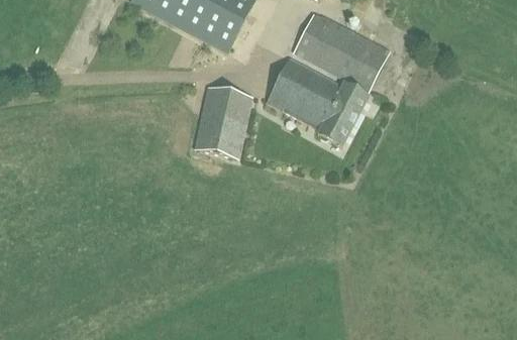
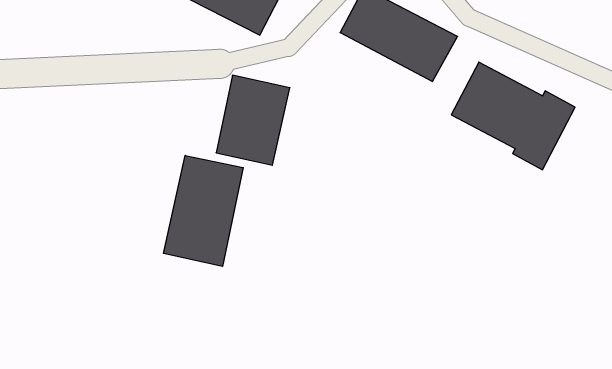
building: [268,59,368,145] -> [451,62,575,170]
building: none -> [163,155,243,266]

